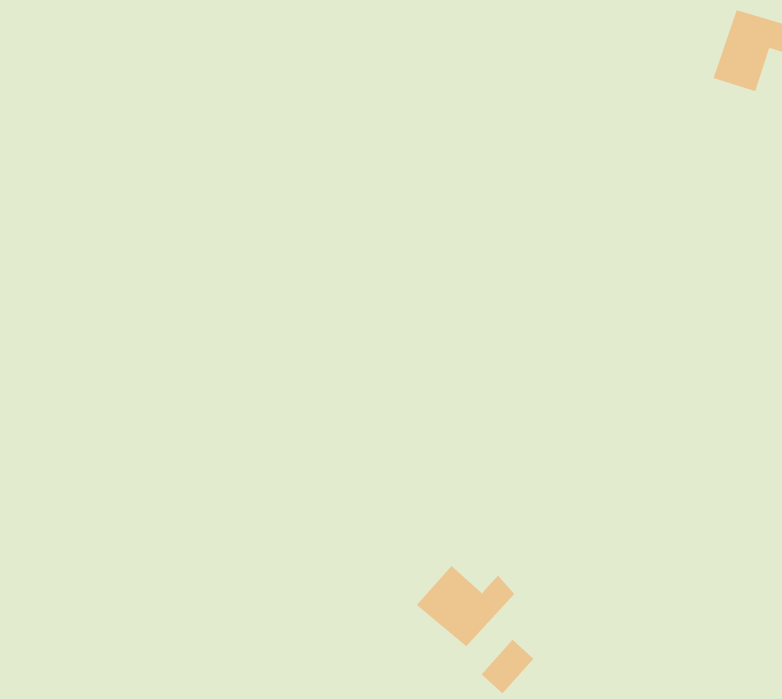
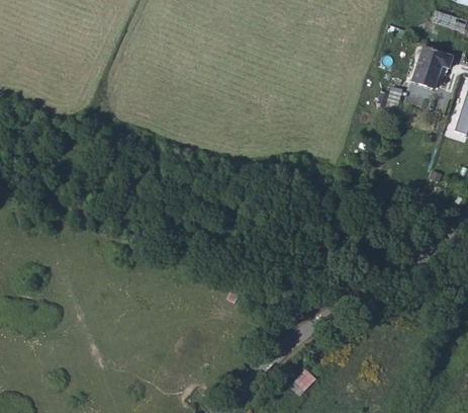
building: [416,565,515,647] -> none

